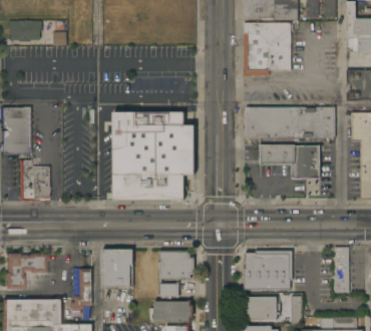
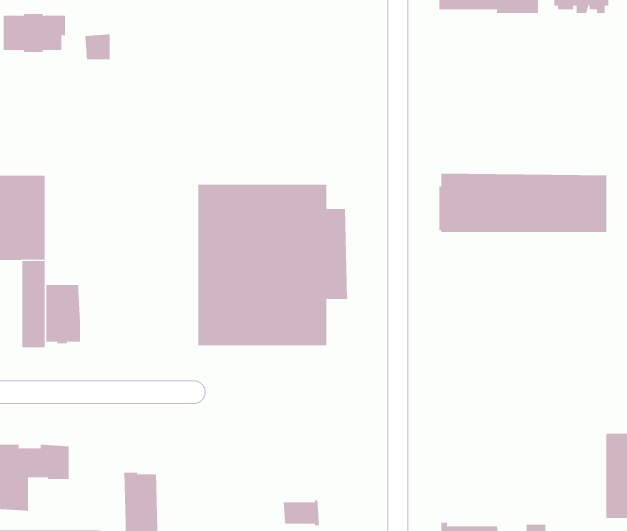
building: [244,22,292,75] -> none
building: [259,144,320,179] -> none
building: [102,249,132,288] -> none
building: [157,251,195,281] -> none
building: [244,251,292,289] -> none

